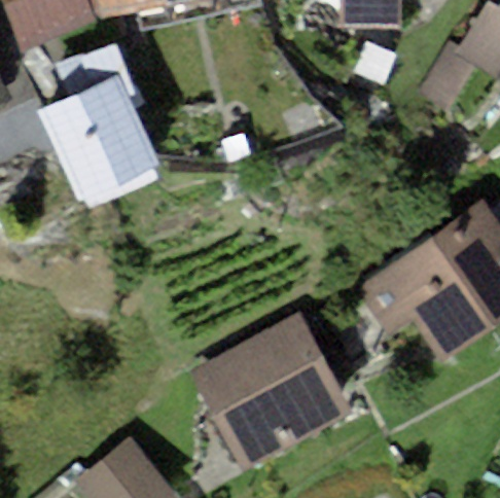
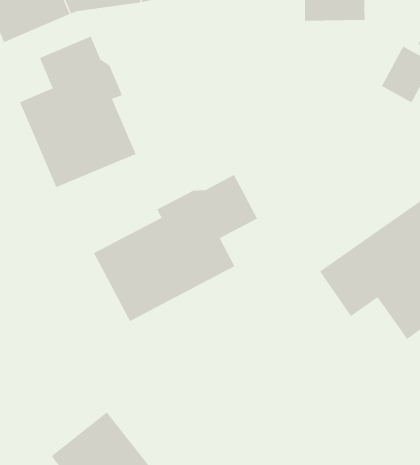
building: none -> [93,174,258,322]
building: [190,312,354,468] -> none

